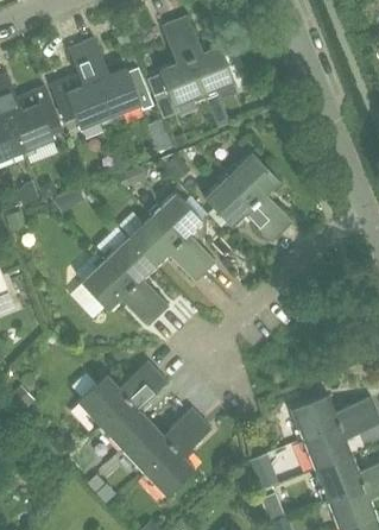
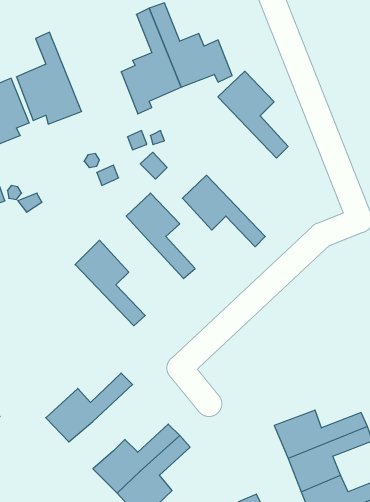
building: [80,39,140,118] -> none
building: [226,153,291,234] -> [218,71,288,158]
building: [126,215,204,284] -> none
building: [80,260,158,328] -> none
building: [97,372,166,450] -> none

